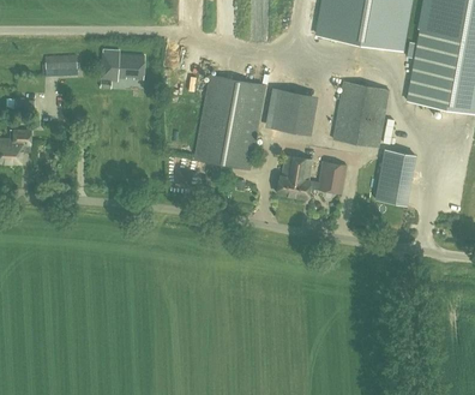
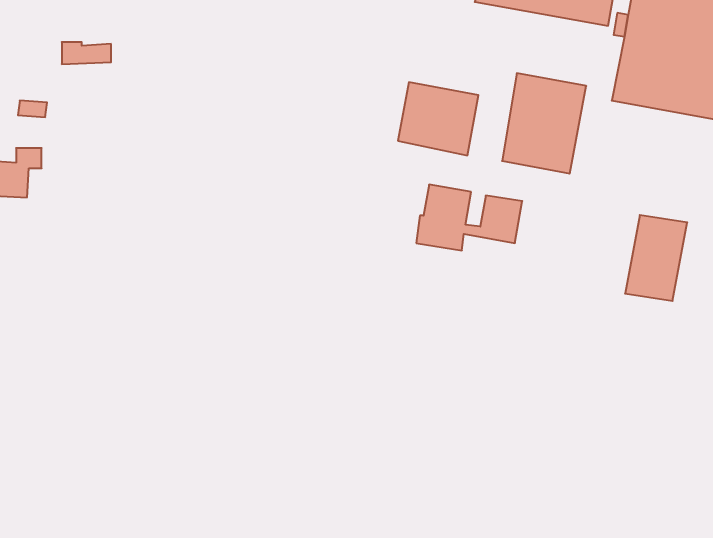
building: [100,50,144,89] -> none
building: [192,74,265,170] -> none
building: [373,150,414,207] -> [625,215,687,301]

